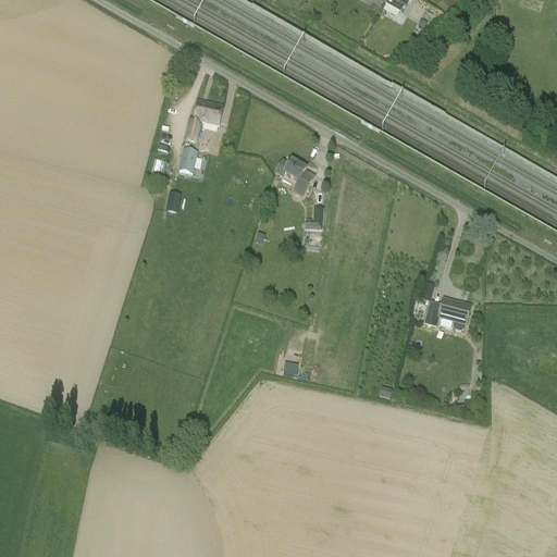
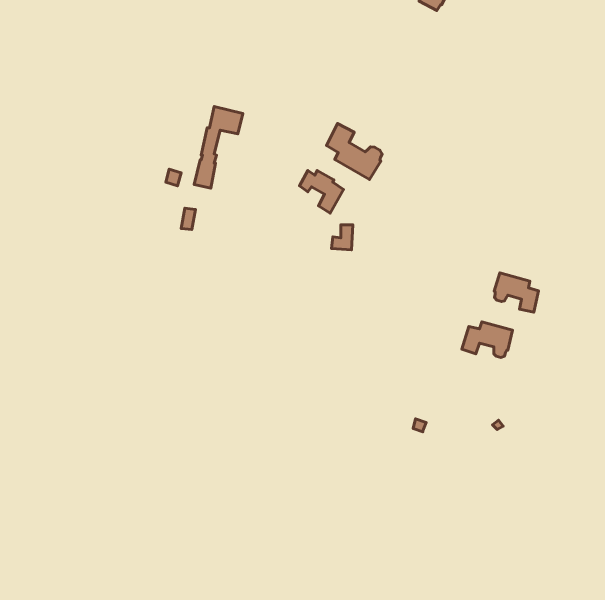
building: none -> [326,124,382,179]
building: none -> [494,273,539,312]

